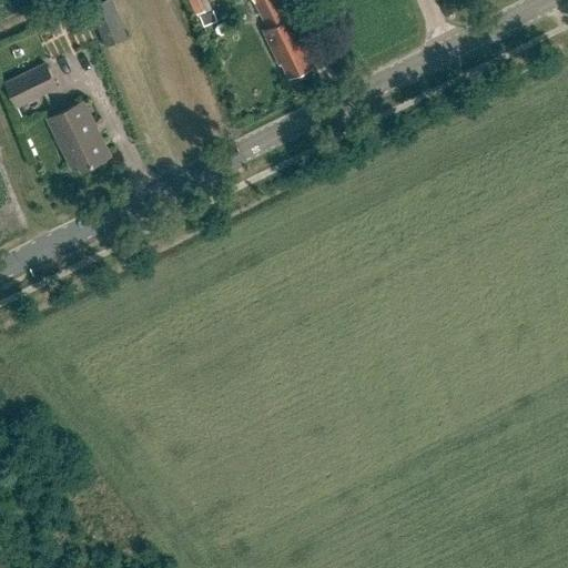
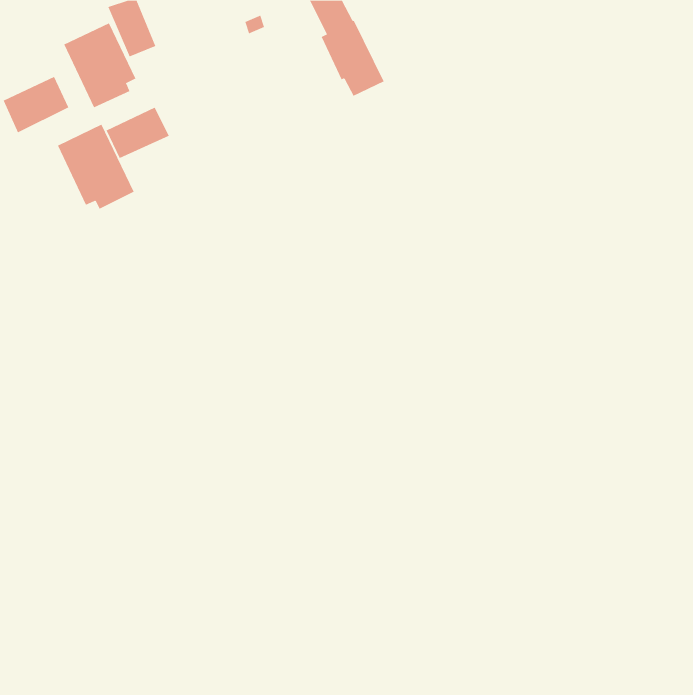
building: none -> [63,22,136,108]
building: none -> [106,107,169,159]

